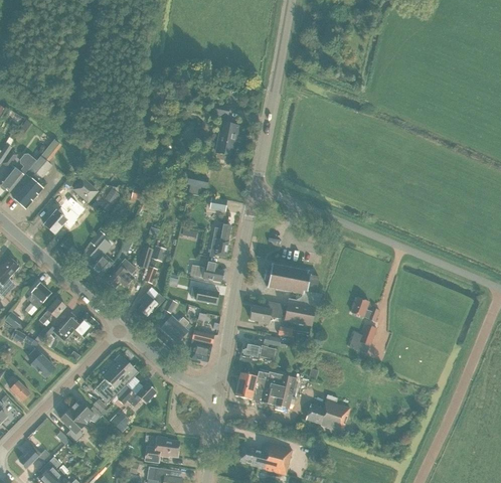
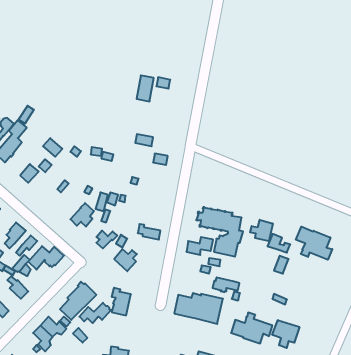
building: [215,123,236,155] -> [137,75,154,101]
building: [208,224,230,257] -> none
building: [89,239,113,276] -> none
building: [189,262,222,281] -> none
building: none -> [250,220,273,241]
building: none -> [296,227,332,260]
building: [189,328,213,362] -> [112,288,131,315]
building: [240,342,274,360] -> [213,277,239,292]
building: none -> [272,320,299,348]

